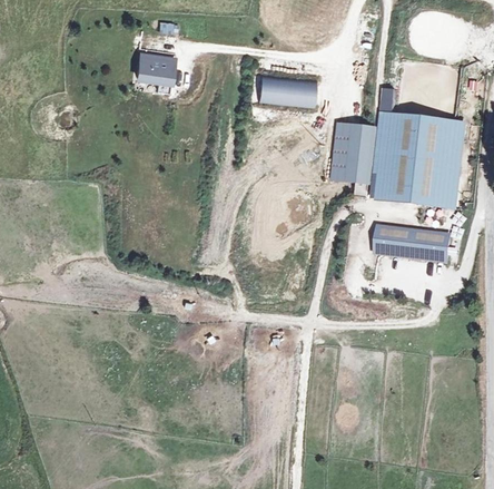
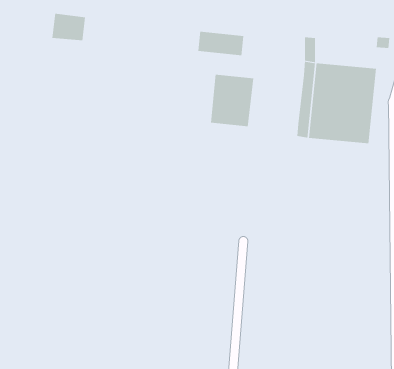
building: [136,53,176,86] -> [52,13,86,41]
building: [329,124,381,185] -> [210,74,254,127]
building: [375,226,447,258] -> none

